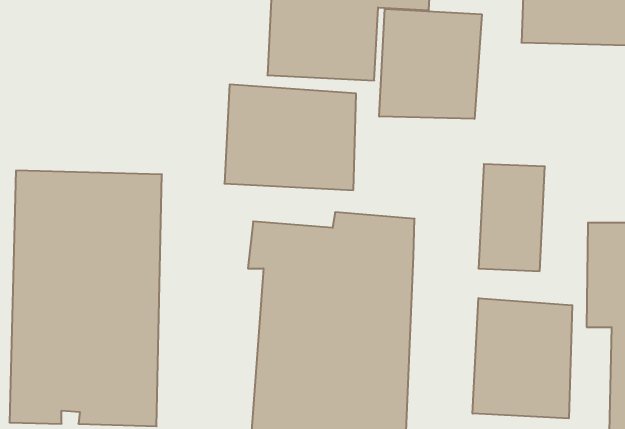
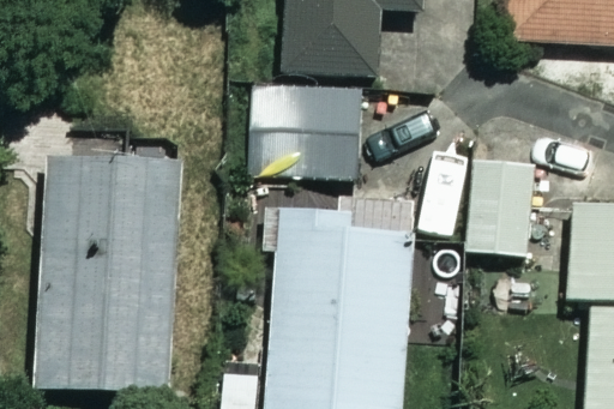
building: [379,9,482,119] -> none
building: [473,298,572,418] -> none

